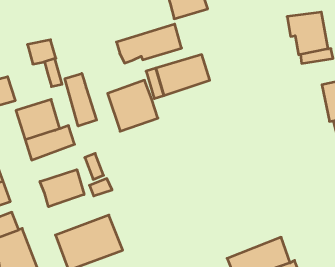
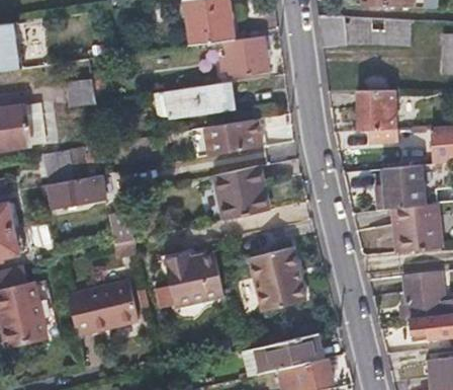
building: [65,73,97,126] -> none
building: [108,80,158,131] -> [215,167,267,220]
building: none -> [250,247,305,311]
building: [40,170,84,207] -> none
building: none -> [164,253,224,307]

